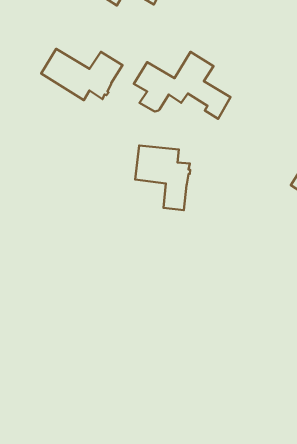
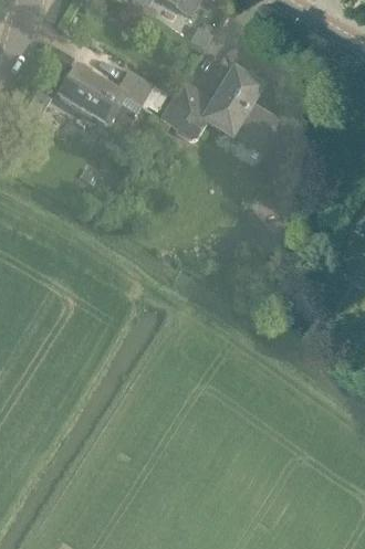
building: [135,145,190,210] -> none

